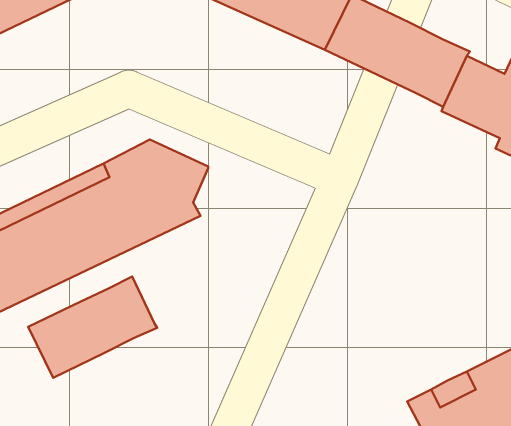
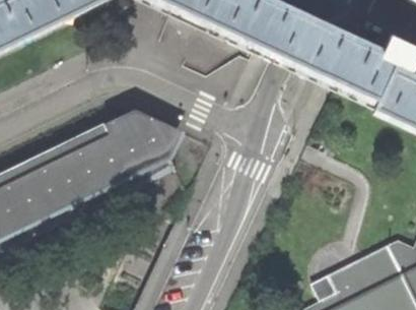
building: [28,277,157,378] -> none

